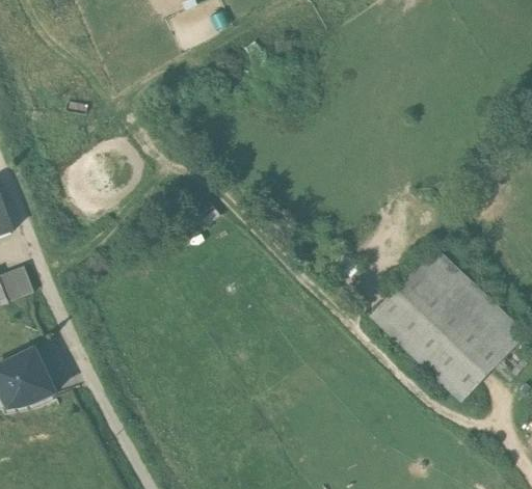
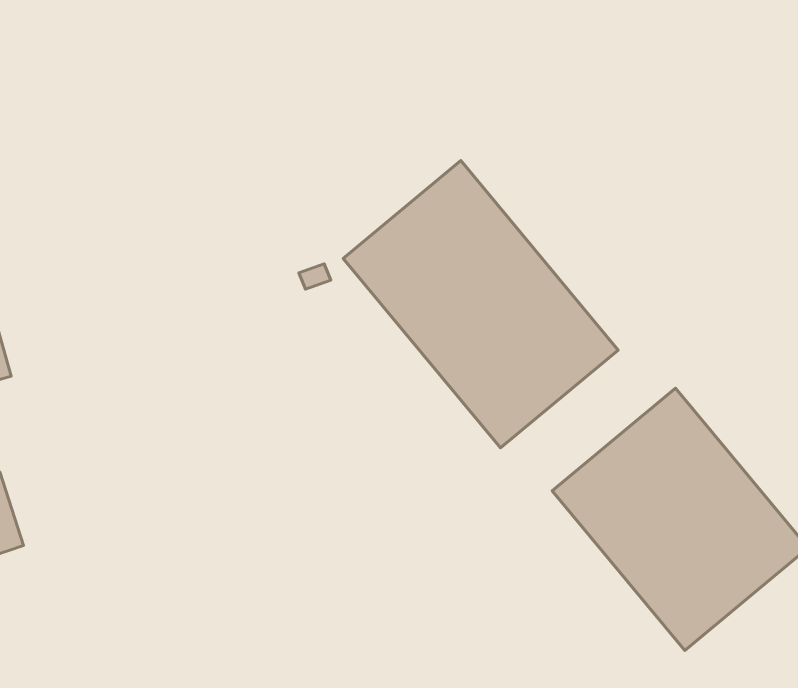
building: none -> [343,161,618,448]

